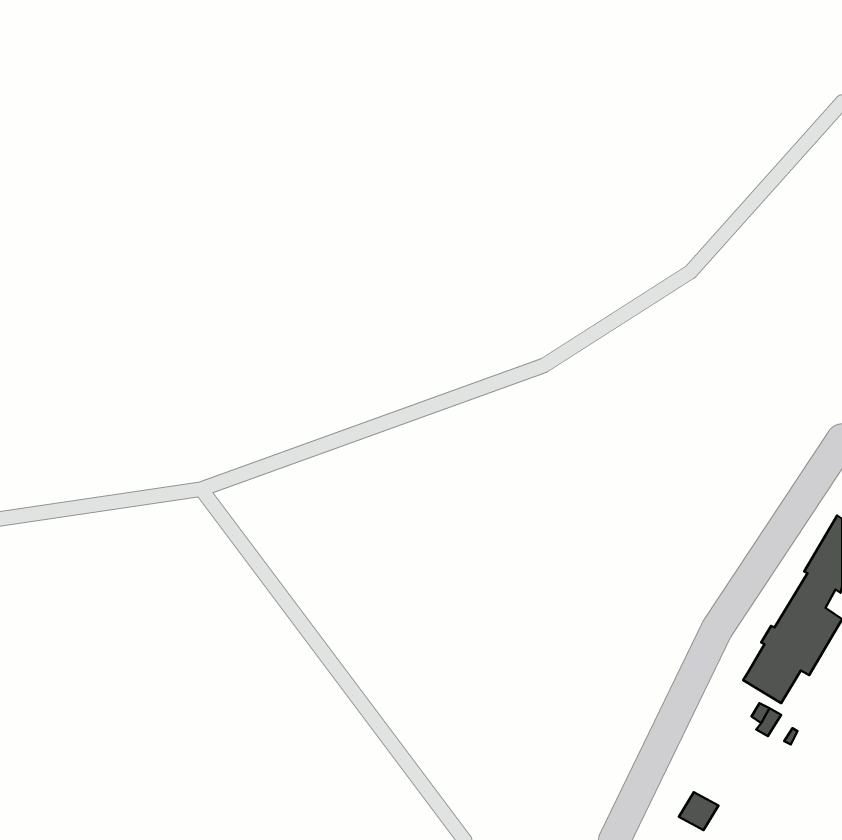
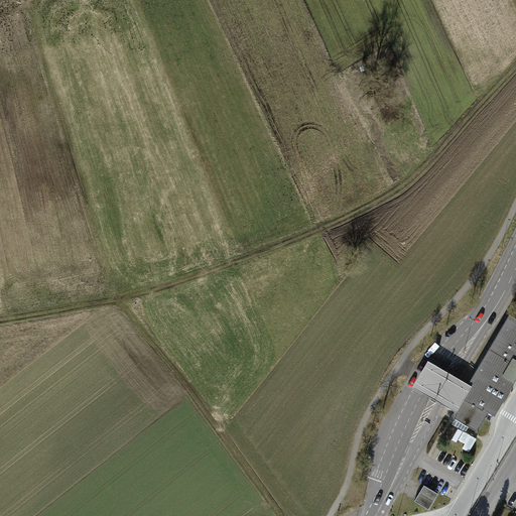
building: none -> [410,356,472,411]

